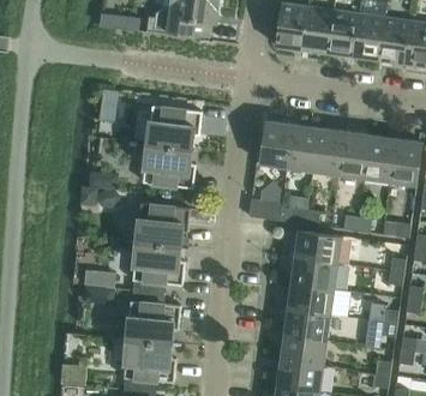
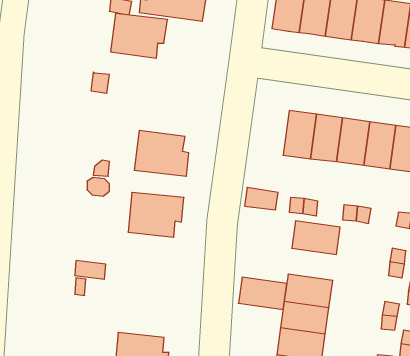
building: [146,107,202,150] -> [111,13,168,58]
building: [259,121,292,168] -> none
building: [132,242,184,286] -> none
building: [290,258,337,289] -> [238,277,287,309]
building: [126,301,180,344] -> none

